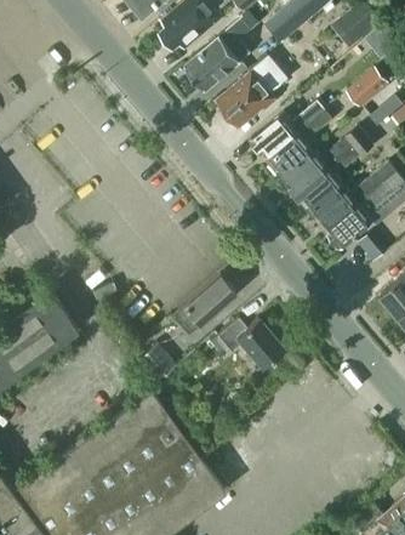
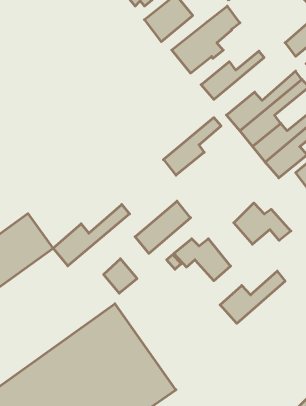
building: [263,109,330,176] -> [163,118,221,175]
building: none -> [234,203,291,244]
building: none -> [53,204,130,266]
building: none -> [220,271,285,323]

